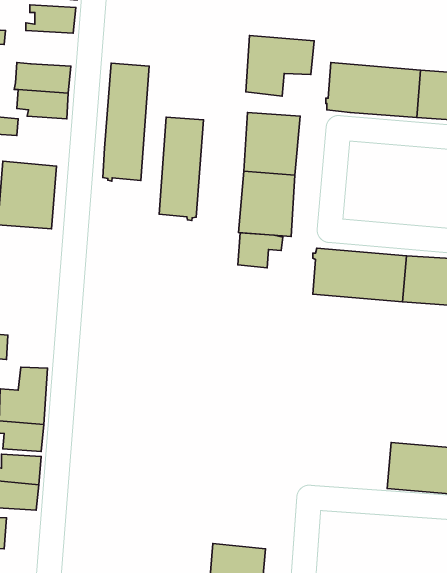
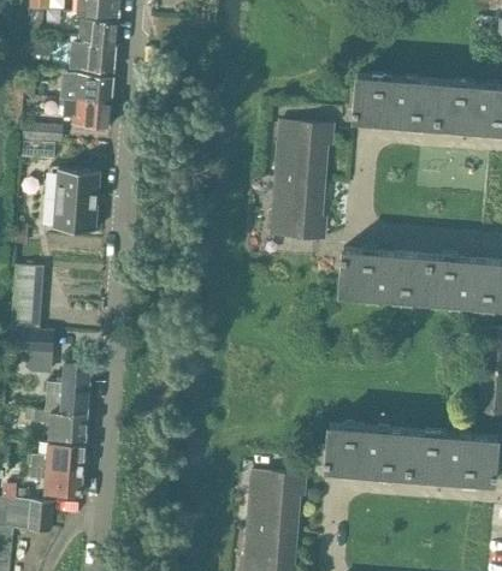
building: none -> [64,47,116,75]
building: [246,35,314,96] -> none
building: [103,63,149,181] -> none
building: [159,117,203,220] -> none
building: [238,233,283,268] -> none
building: none -> [324,427,414,477]
building: none -> [247,474,301,534]

